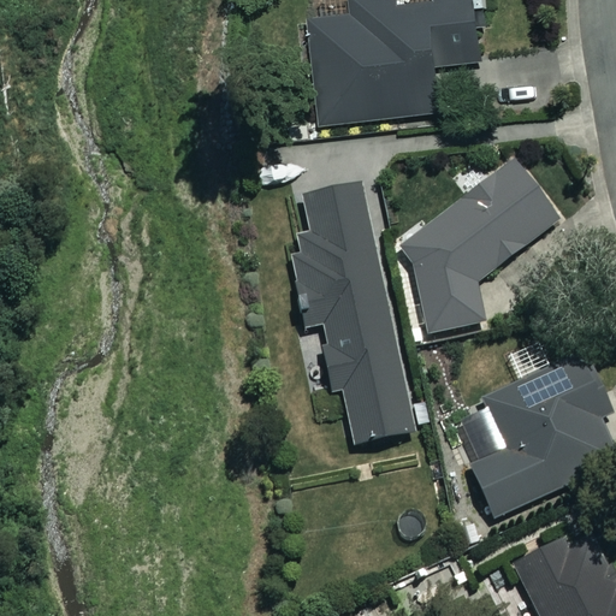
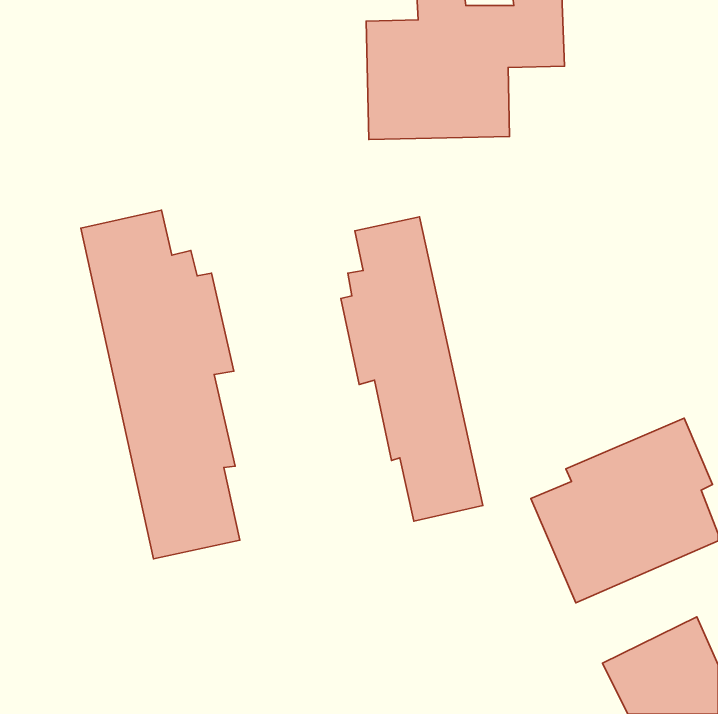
building: [402,159,559,327] -> none
building: none -> [81,210,240,559]

